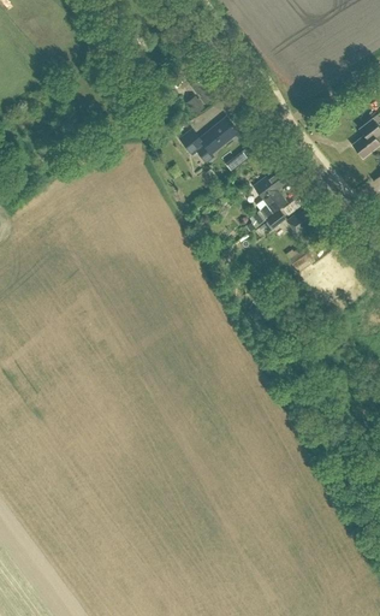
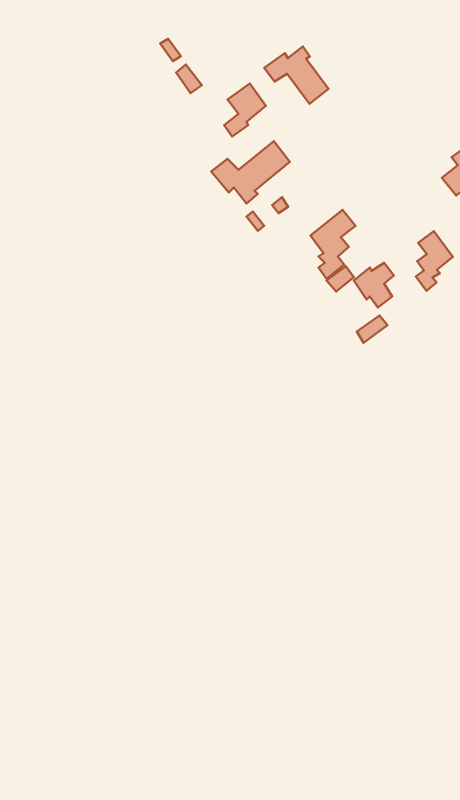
building: none -> [264,47,329,104]
building: none -> [416,231,453,291]

